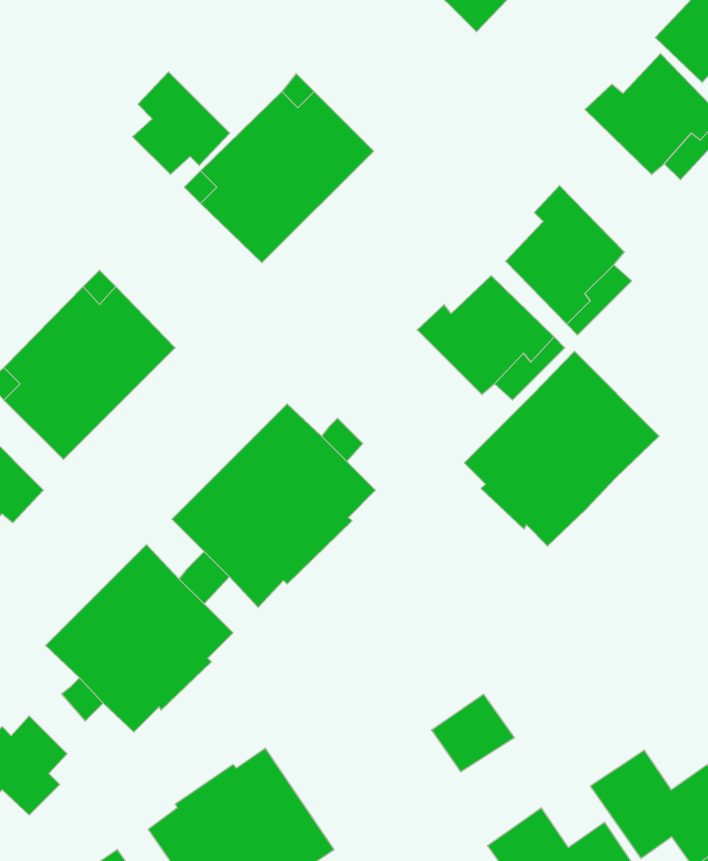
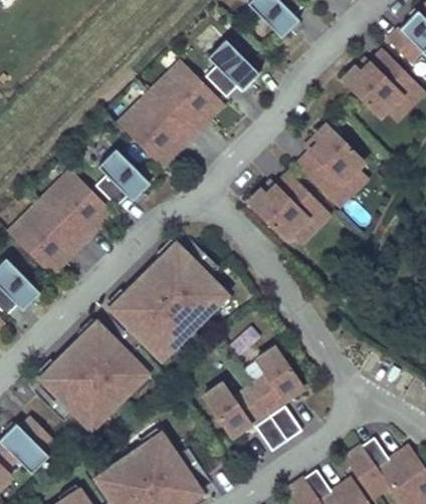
building: none -> [205,39,259,96]
building: [132,72,230,175] -> [95,149,150,206]
building: [464,351,659,546] -> none
building: none -> [204,346,304,437]

